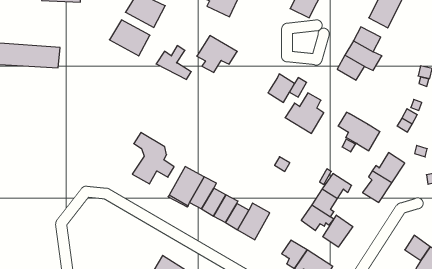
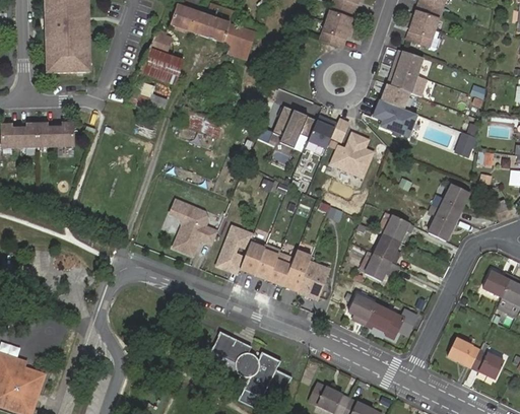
building: [197,36,237,72] -> [273,106,317,145]
building: [338,112,380,151] -> [371,99,417,138]
building: [323,215,353,247] -> none

